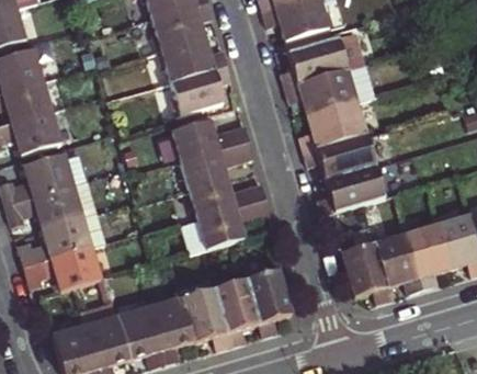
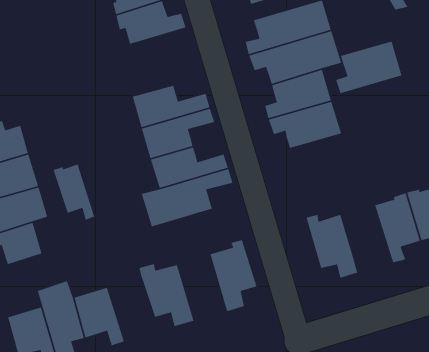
building: [172,60,232,112] -> none
building: [321,162,386,214] -> [335,41,403,94]
building: none -> [53,164,95,221]
building: [373,230,424,293] -> none
building: [218,273,261,342] -> none
building: [151,299,196,362] -> none

